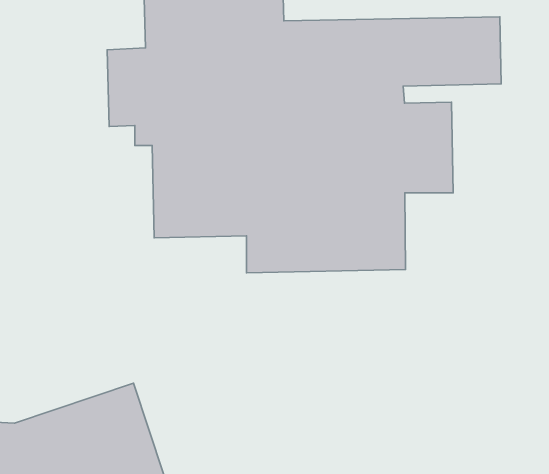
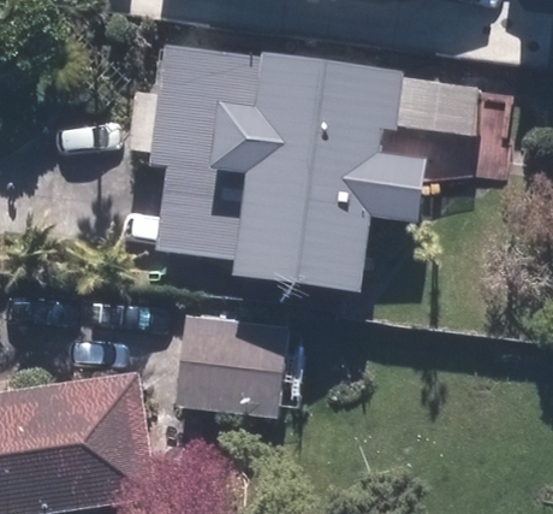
building: none -> [174,303,287,412]

